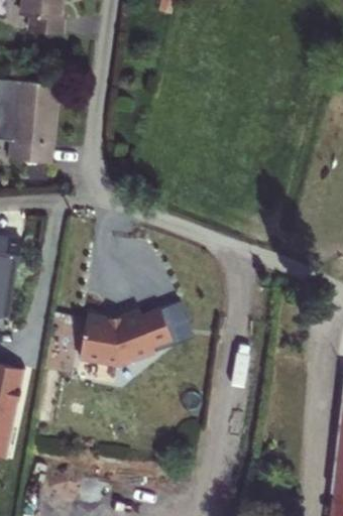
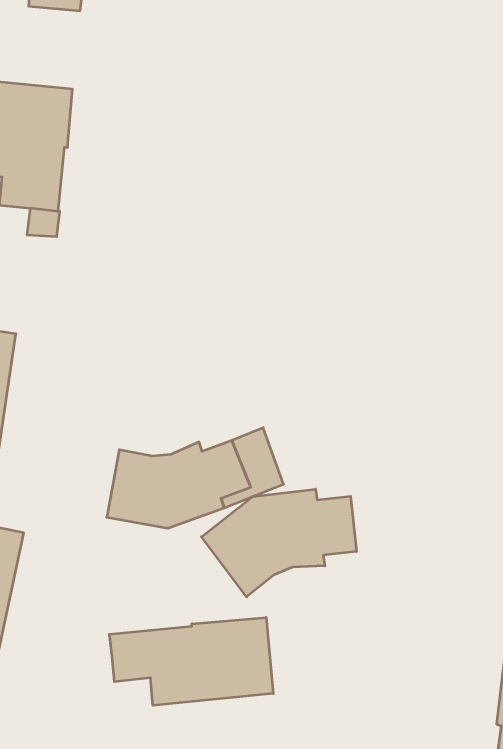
building: none -> [201,489,356,597]
building: none -> [109,617,273,705]

